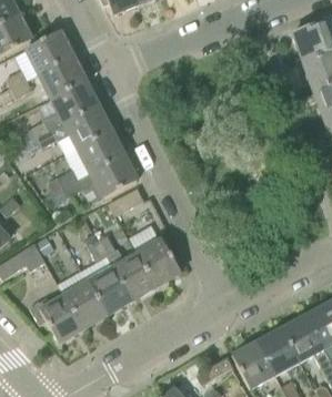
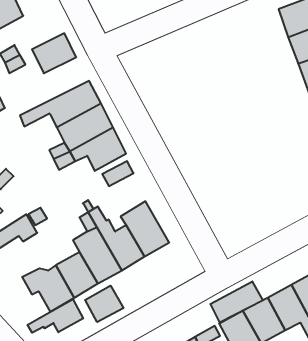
building: [27,30,73,73] -> none
building: [26,81,99,141] -> none
building: none -> [210,281,263,322]
building: none -> [85,286,123,322]
building: none -> [28,299,83,333]

